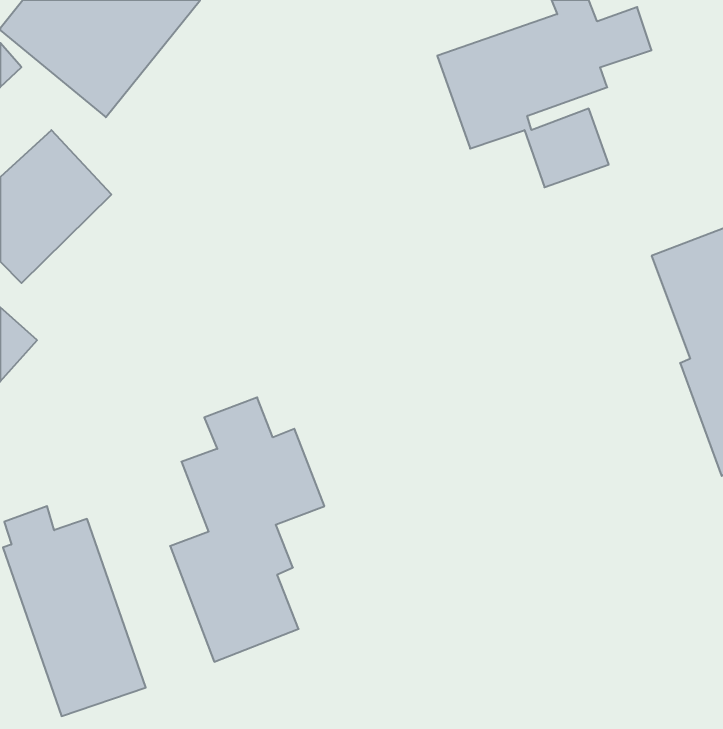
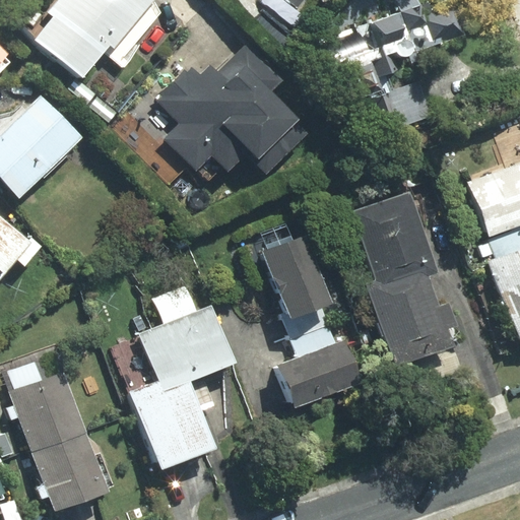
building: none -> [161,38,306,173]
building: none -> [350,192,452,366]
building: none -> [257,232,365,414]

